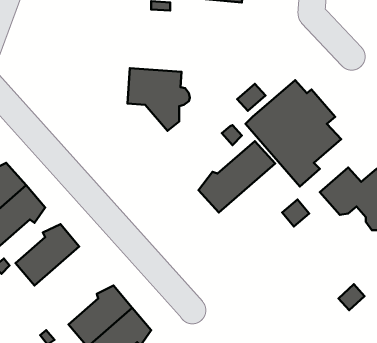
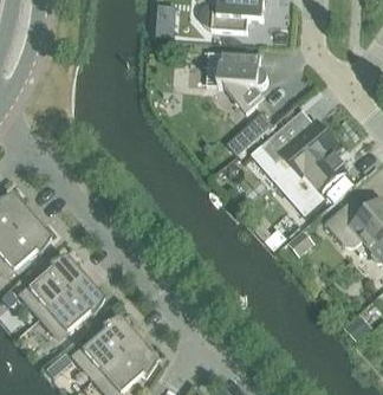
building: [127,68,190,131] -> [206,50,268,112]
building: [199,141,275,212] -> none
building: none -> [39,277,103,337]

